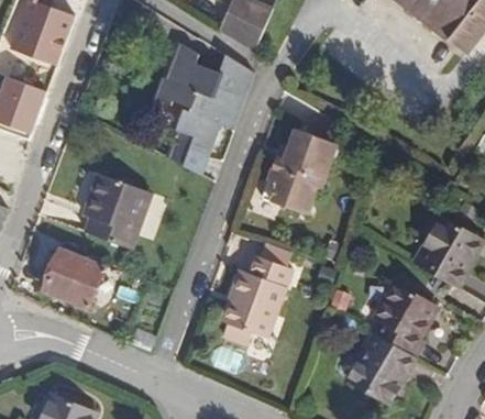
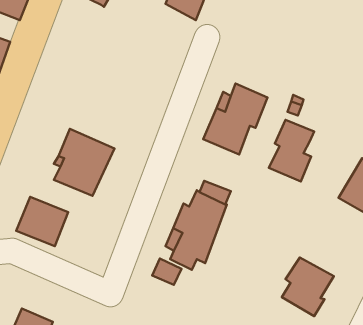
building: [156,56,257,161] -> none
building: none -> [269,120,314,181]
building: [374,289,432,355] -> none

